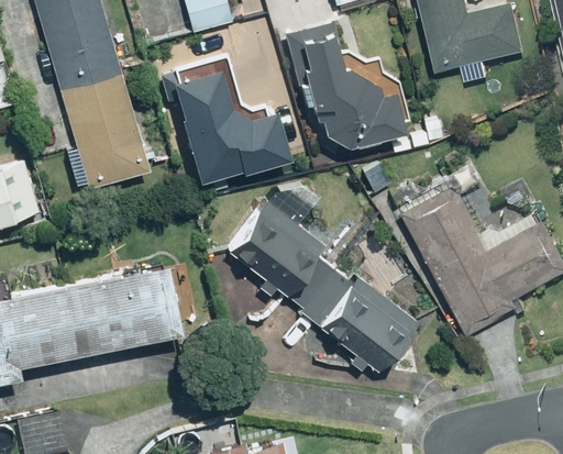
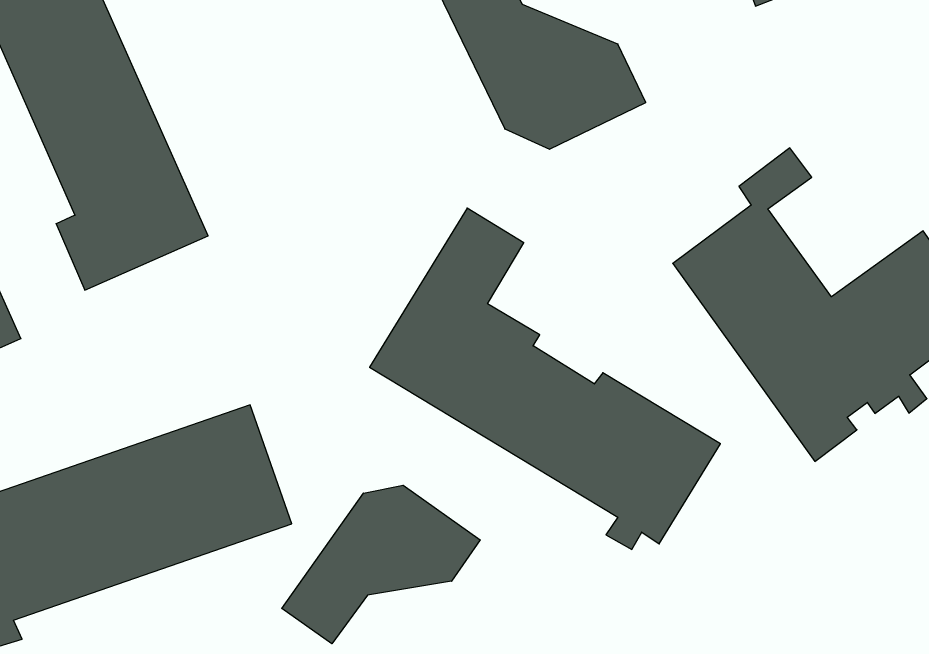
building: [165,67,284,195] -> none
building: none -> [282,485,480,644]

